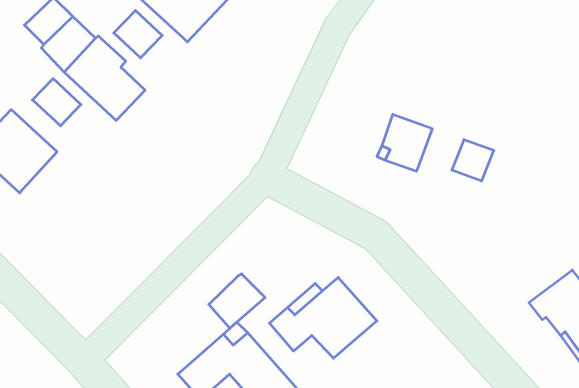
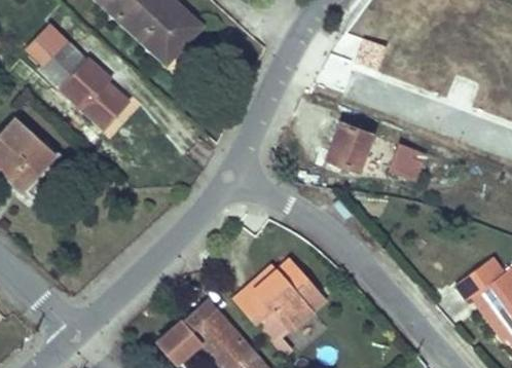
building: [114,10,162,58] -> none
building: [32,79,81,126] -> none
building: [209,274,265,328] -> none

